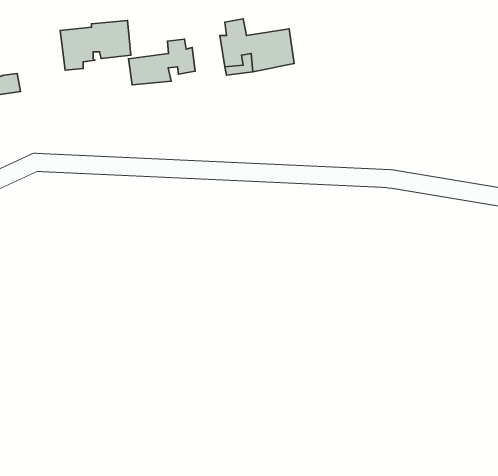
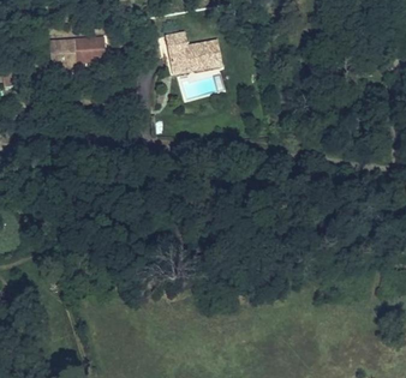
building: [128,39,195,85] -> none

